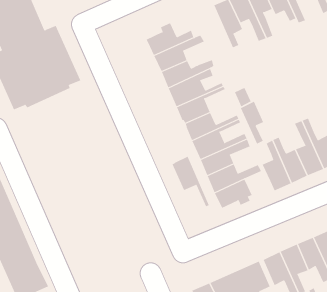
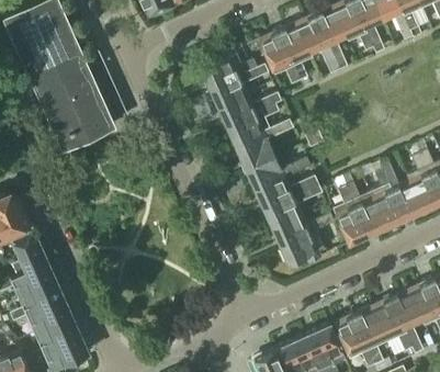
building: none -> [259,32,301,84]
building: [240,101,264,145] -> none
building: [172,156,210,207] -> none

